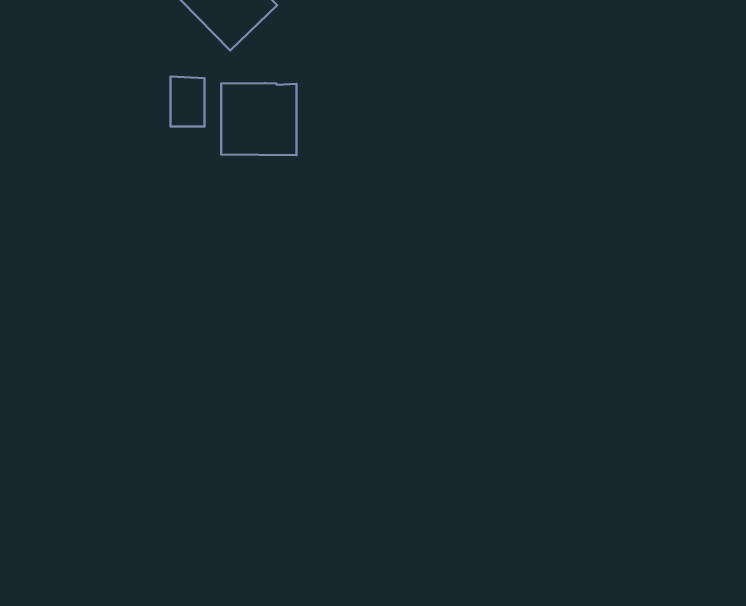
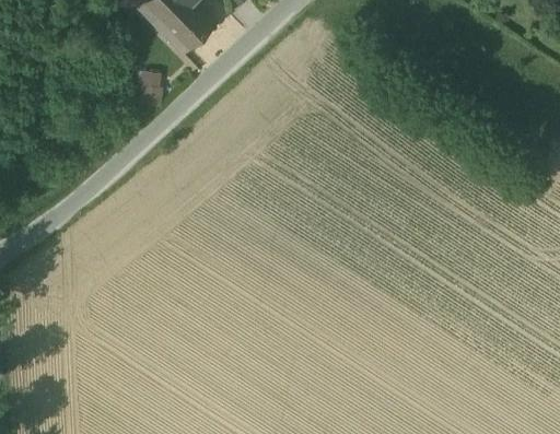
building: [221,83,296,155] -> none

